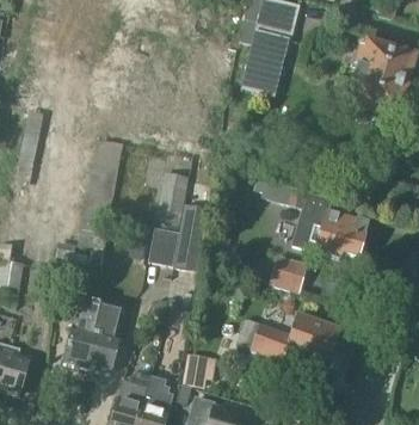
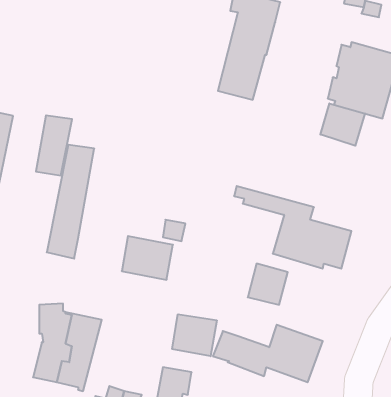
building: none -> [320,103,365,146]
building: [154,172,189,229] -> [36,115,72,175]
building: none -> [172,314,217,356]

